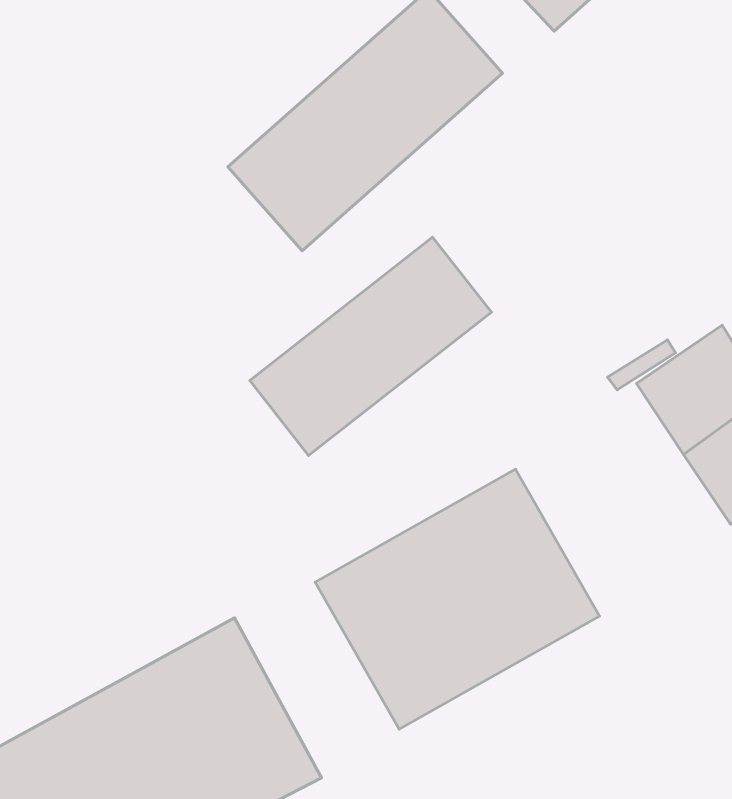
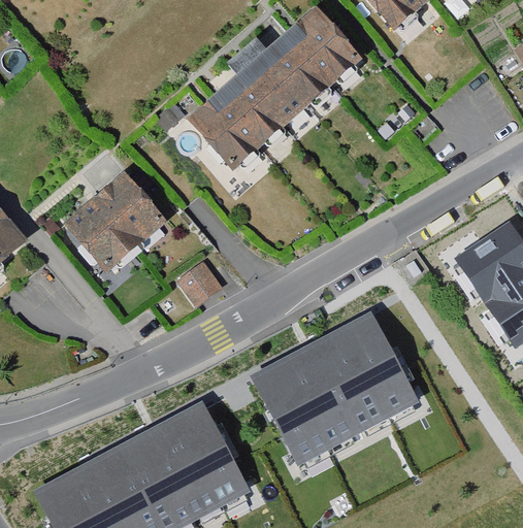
building: [250,237,492,455] -> none
building: none -> [62,168,167,272]
building: none -> [174,264,219,308]

